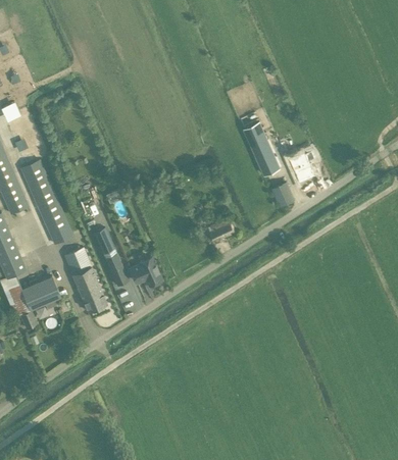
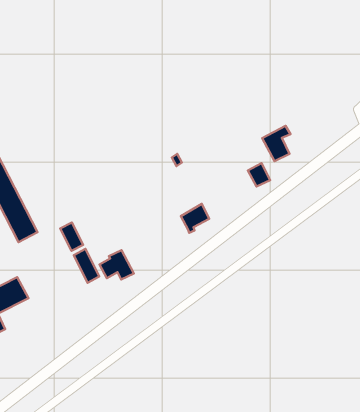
building: [242,124,282,180] -> none
building: [63,249,106,314] -> none

